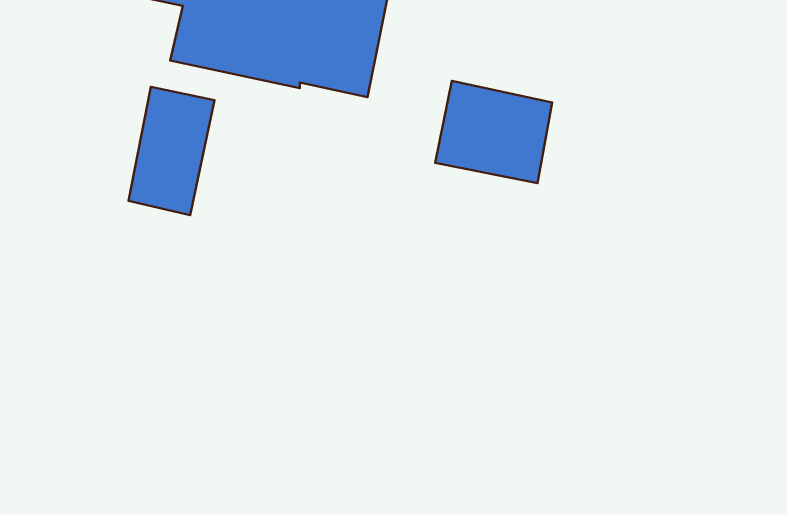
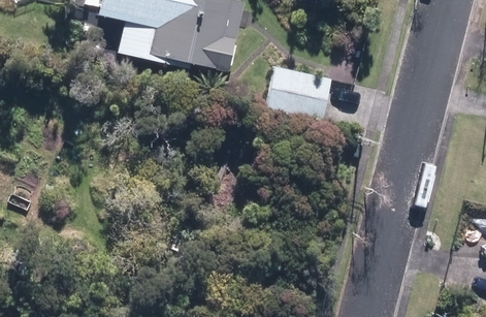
building: [128,87,215,215] -> none

